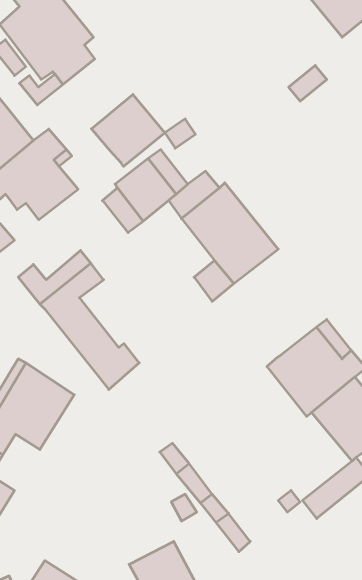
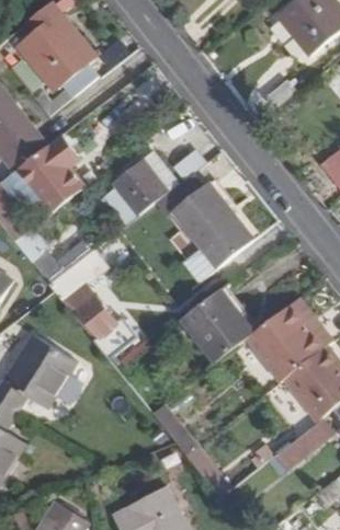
building: [91,94,165,166] -> none
building: none -> [180,287,253,360]

